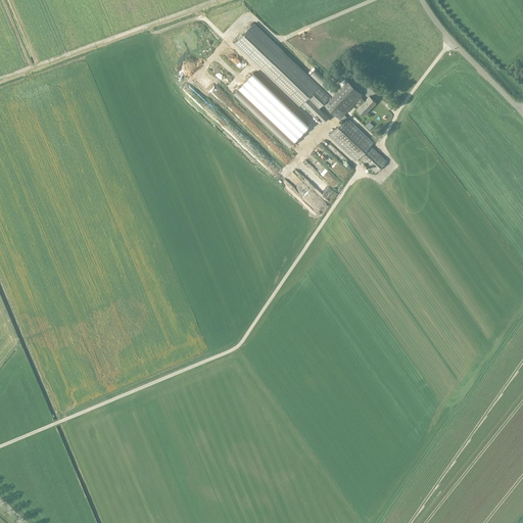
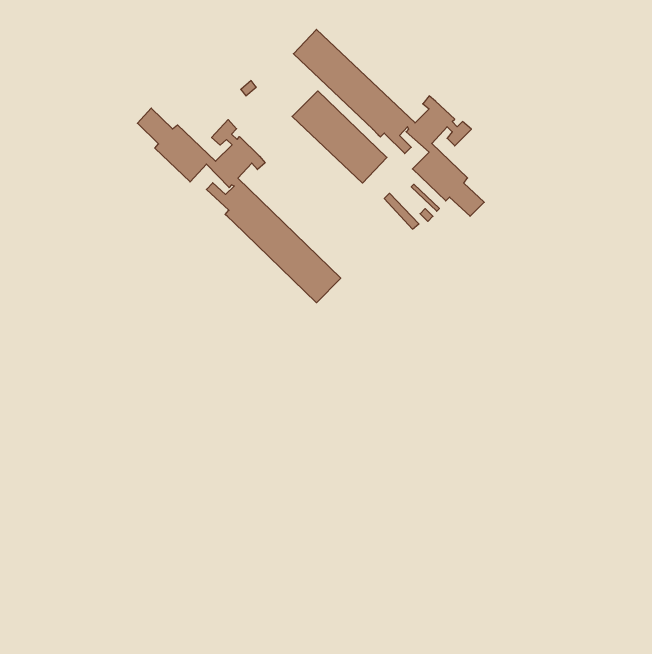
building: none -> [137,108,341,303]

